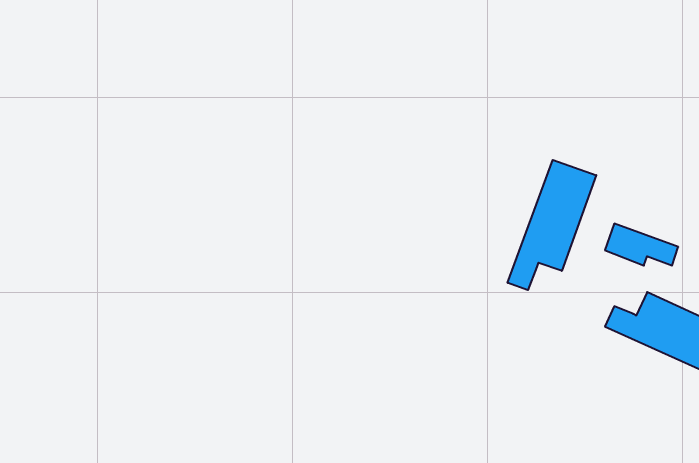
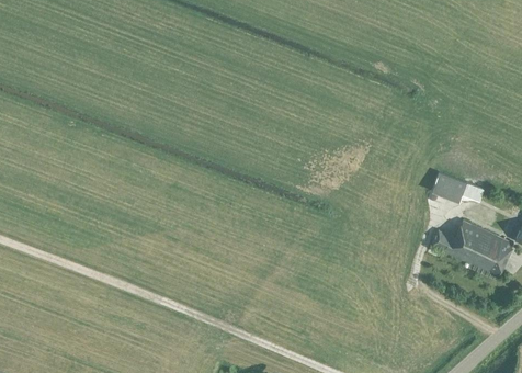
building: [508,160,596,290] -> none

